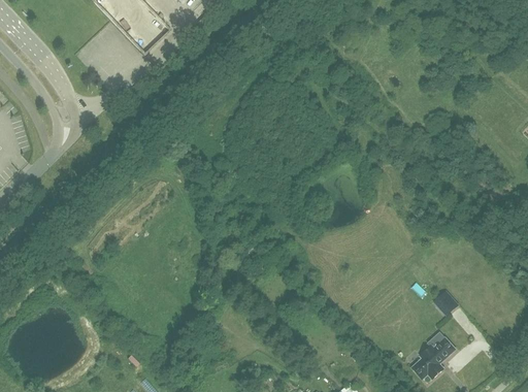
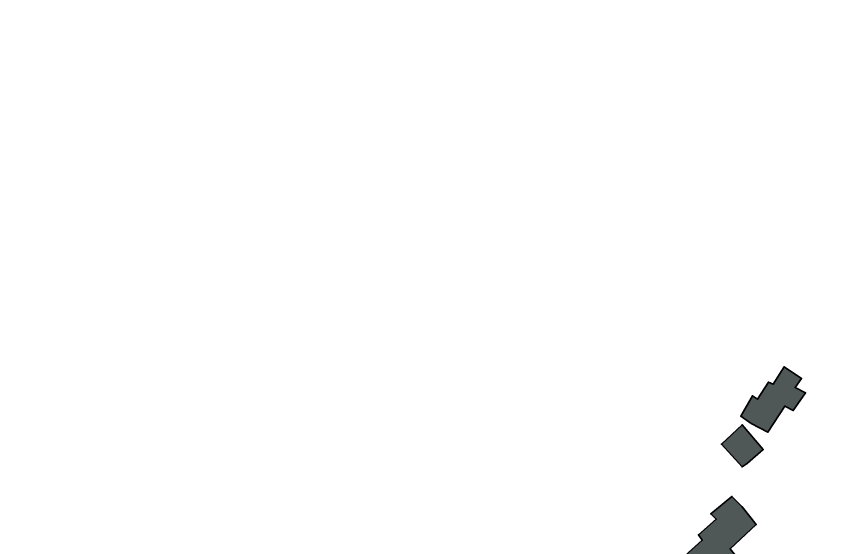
building: none -> [741,367,805,432]

